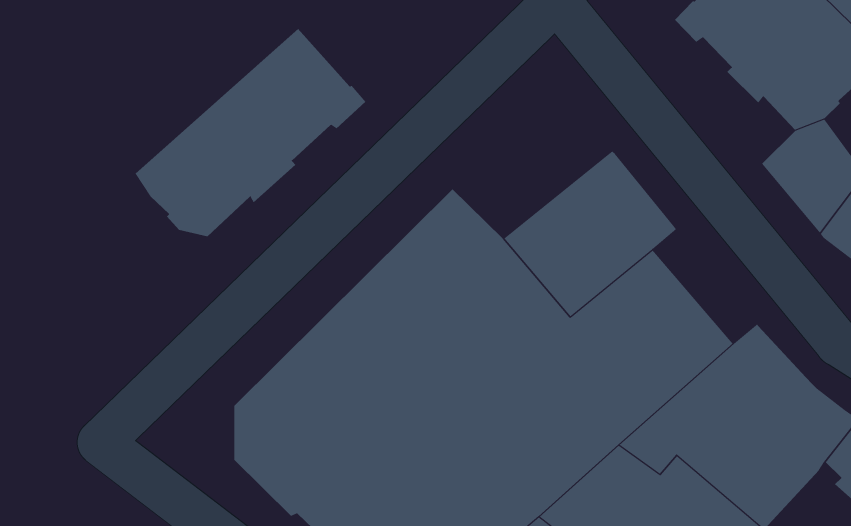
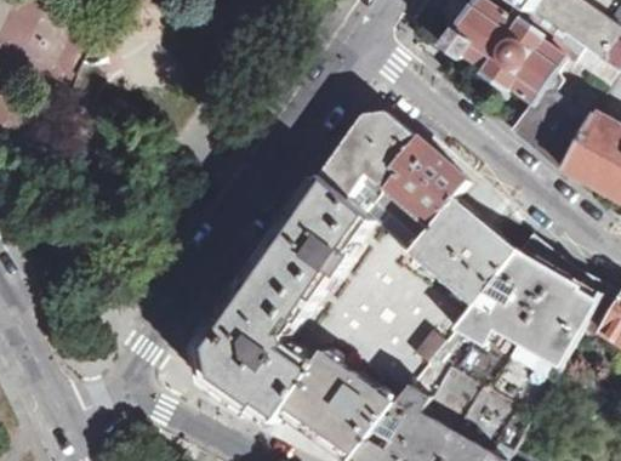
building: [135,28,366,237] -> none
building: none -> [315,110,415,206]

